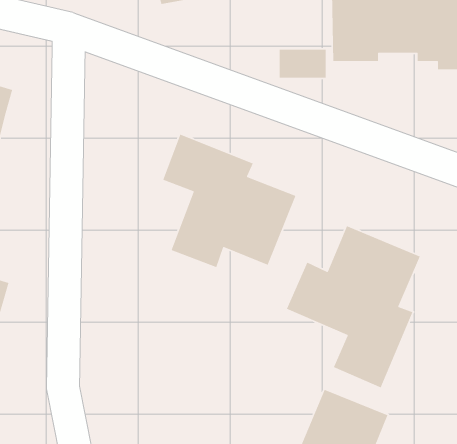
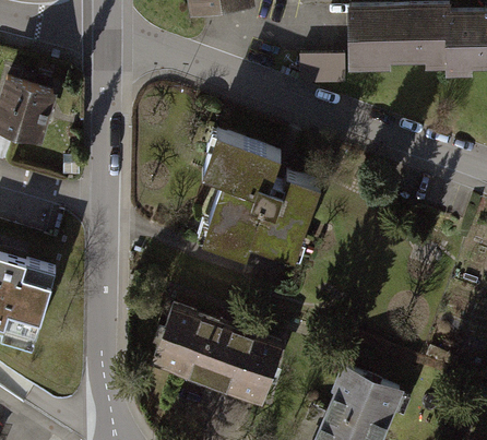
building: [286,225,421,389] -> none
building: none -> [149,306,278,402]

